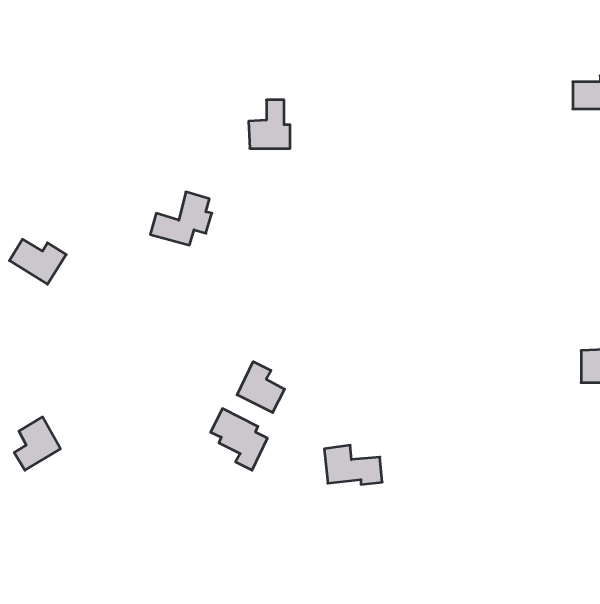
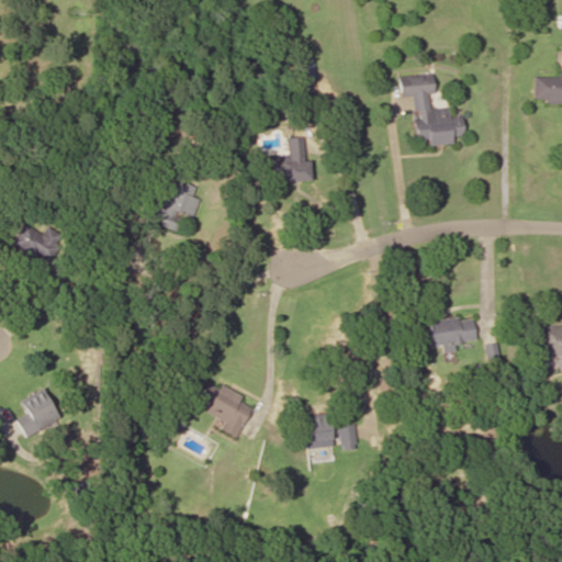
building: none -> [401,75,465,146]
building: [249,100,290,148] -> [273,137,312,182]
building: none -> [426,316,477,351]
building: [237,362,285,413] -> none

